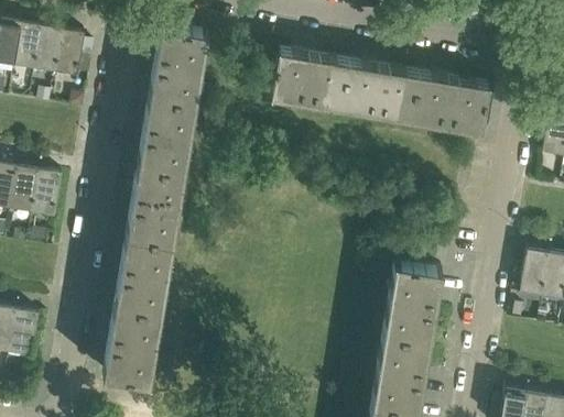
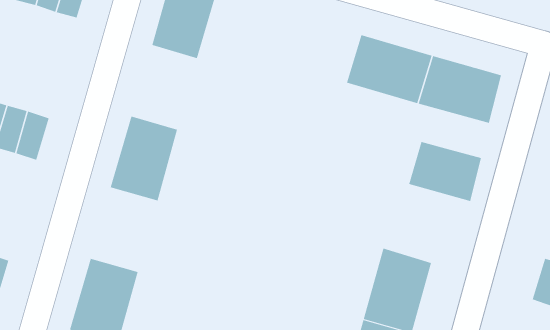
building: [271,48,350,108] -> none
building: [140,94,197,171] -> none
building: none -> [409,141,481,202]
building: [117,233,175,310] -> none
building: [520,249,550,294] -> none

